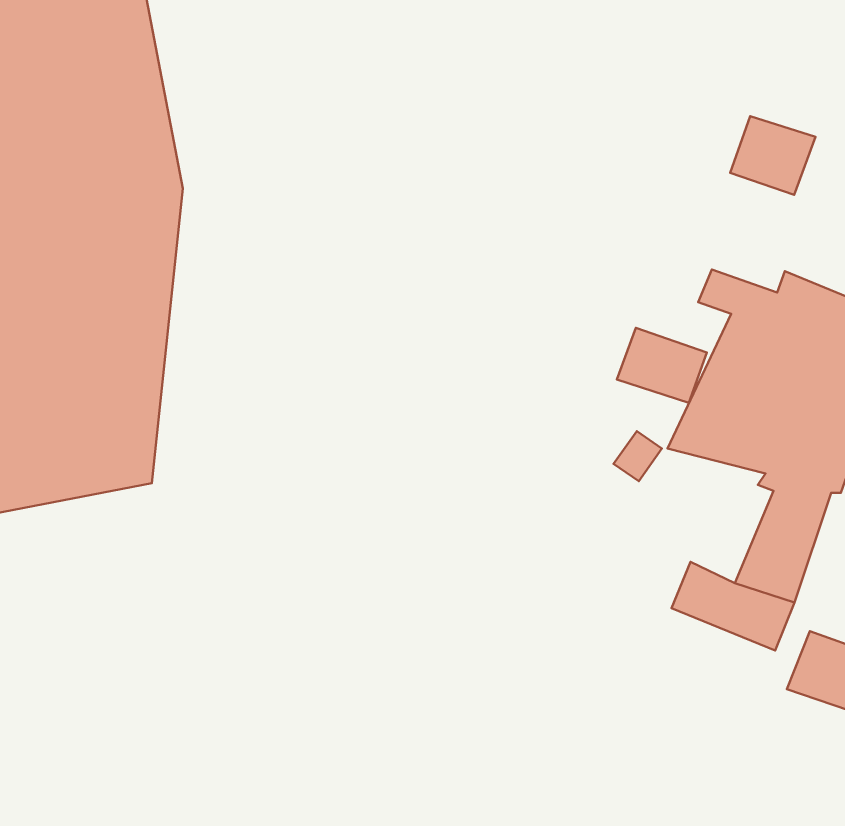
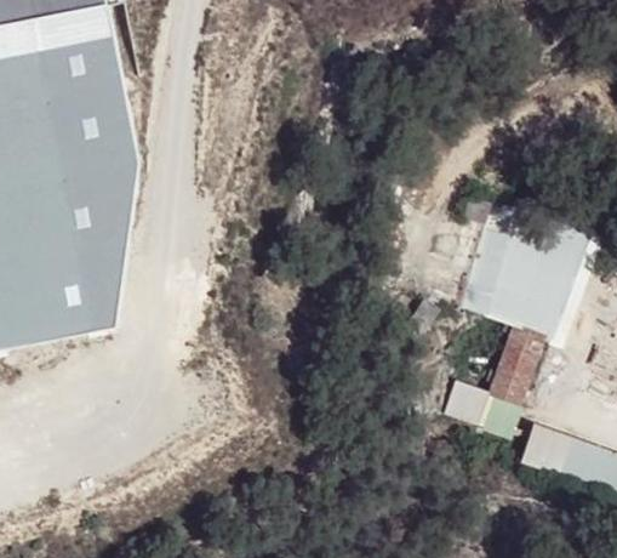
building: [730,116,815,195] -> none
building: [617,328,707,403] -> none

